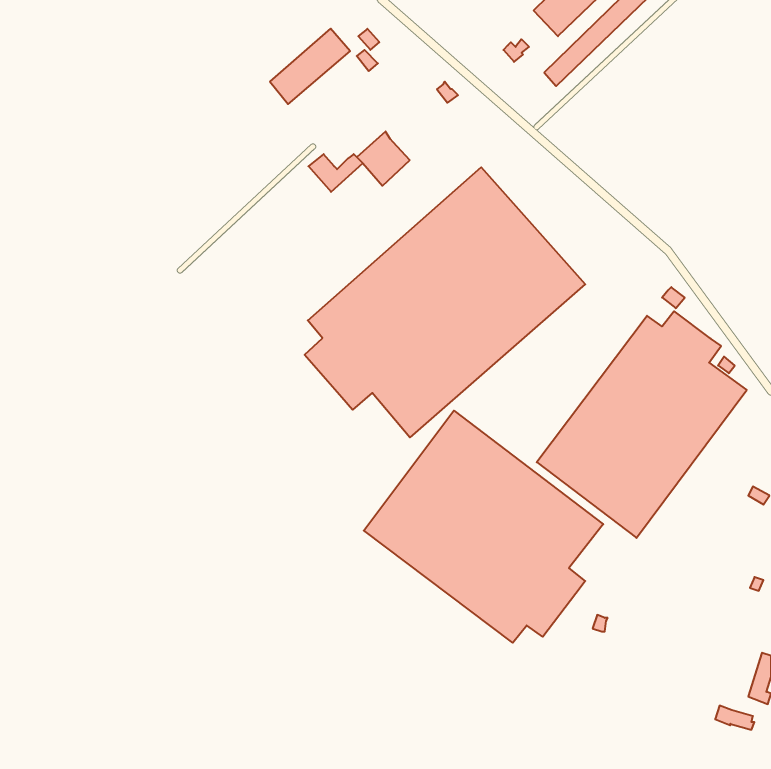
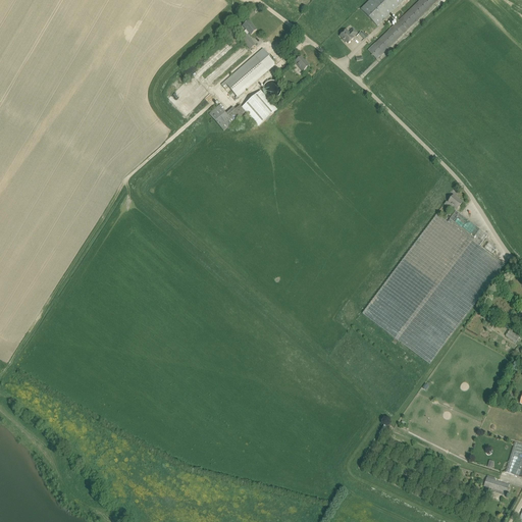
building: [270,29,350,104] -> [221,47,275,98]
building: [305,167,585,437] -> none
building: [364,411,603,643] -> none

